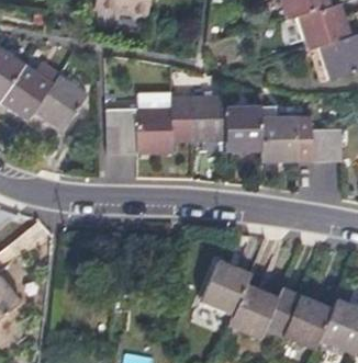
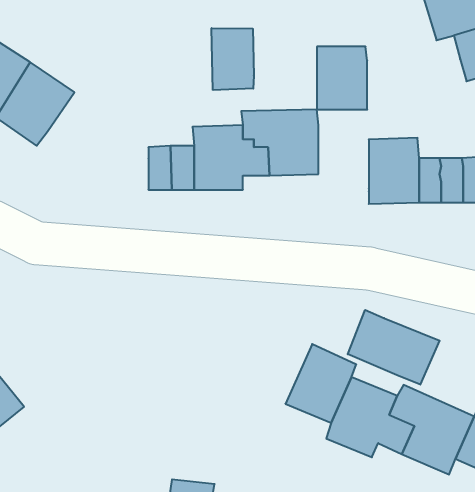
building: none -> [212,28,254,90]
building: [36,75,89,131] -> none
building: [225,106,260,150] -> [317,47,367,110]
building: none -> [348,310,440,385]

